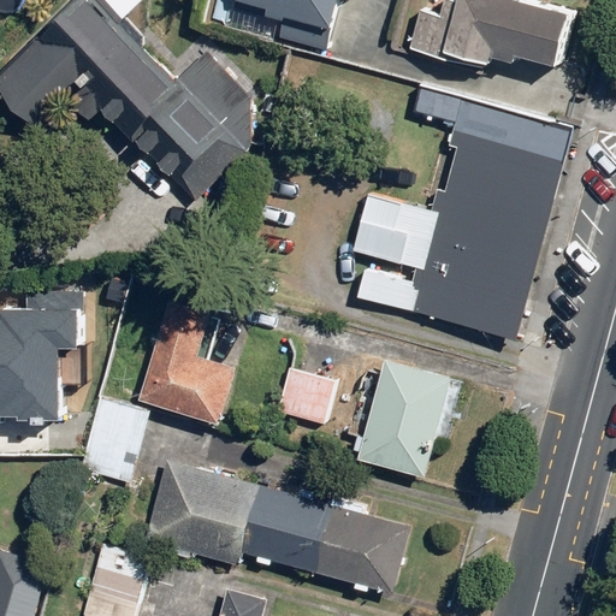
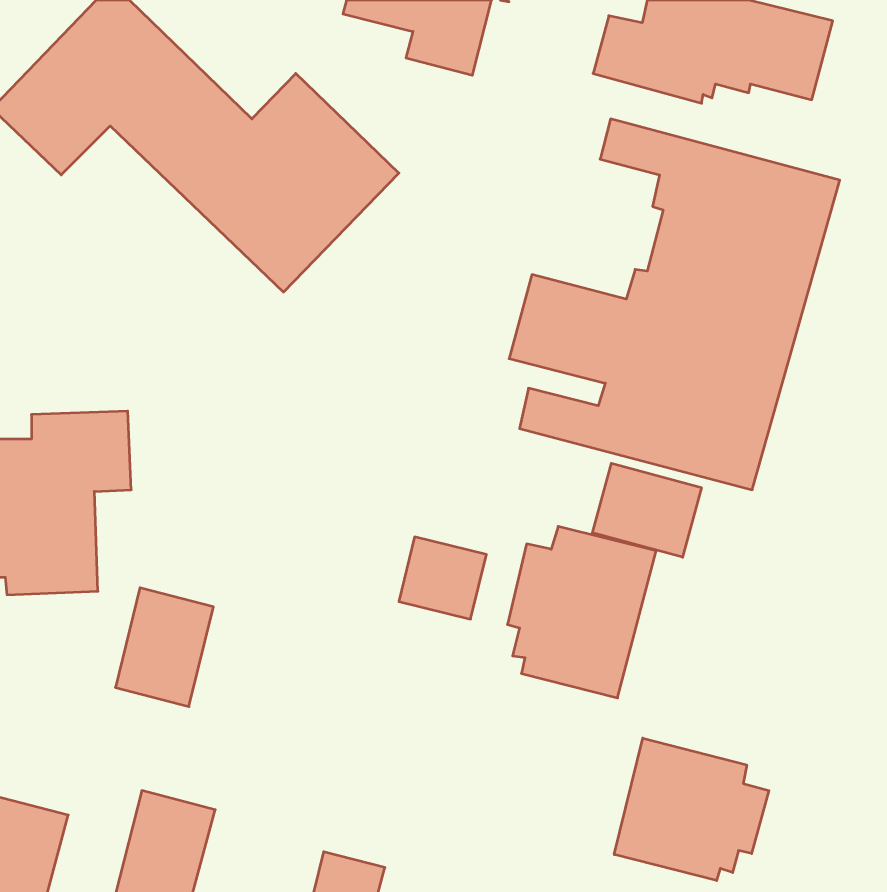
building: [129,298,235,427] -> none
building: none -> [592,463,701,557]
building: [144,462,409,594] -> none
building: none -> [614,738,769,881]

